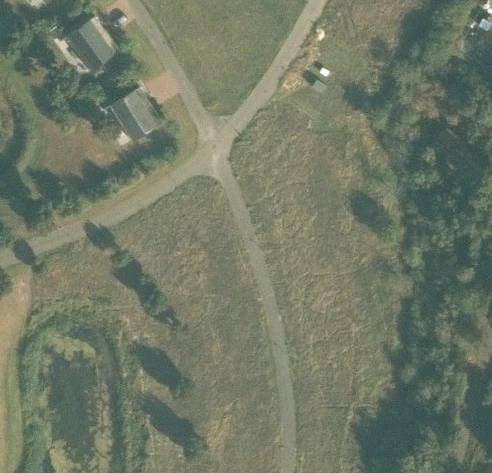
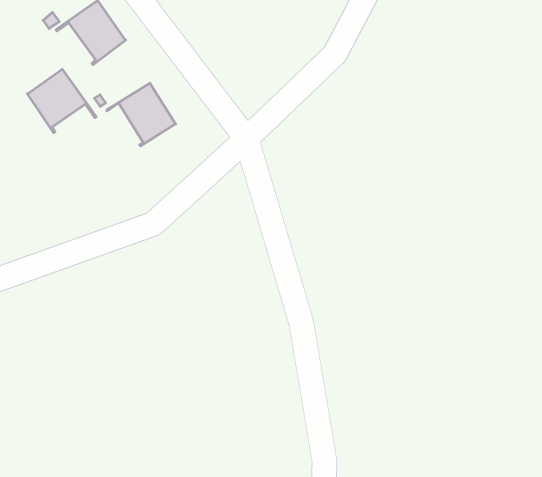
building: none -> [27,69,96,133]

